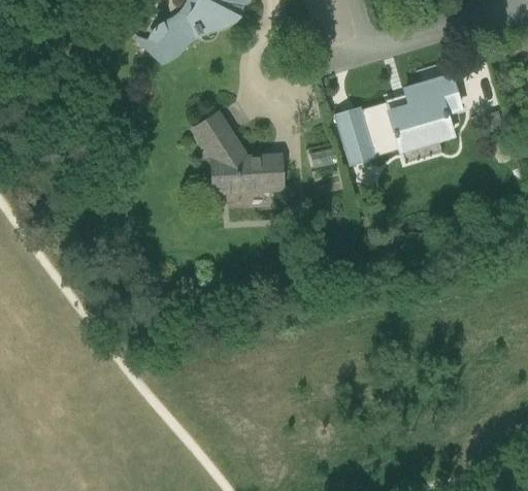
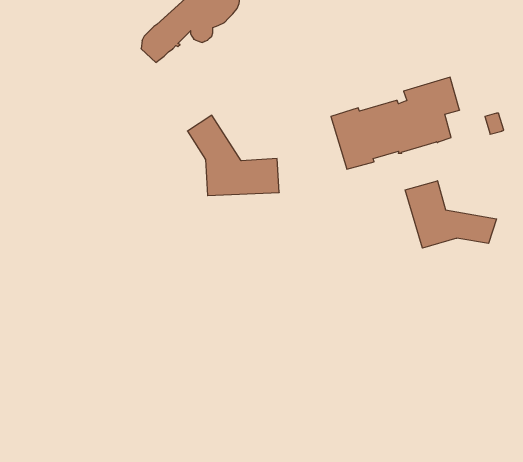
building: none -> [405,181,497,248]

